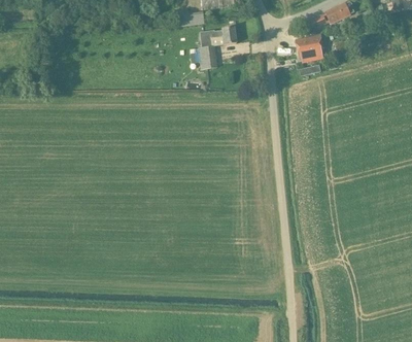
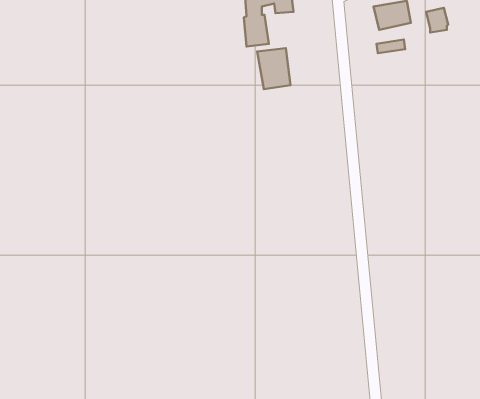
building: none -> [257,48,290,89]

